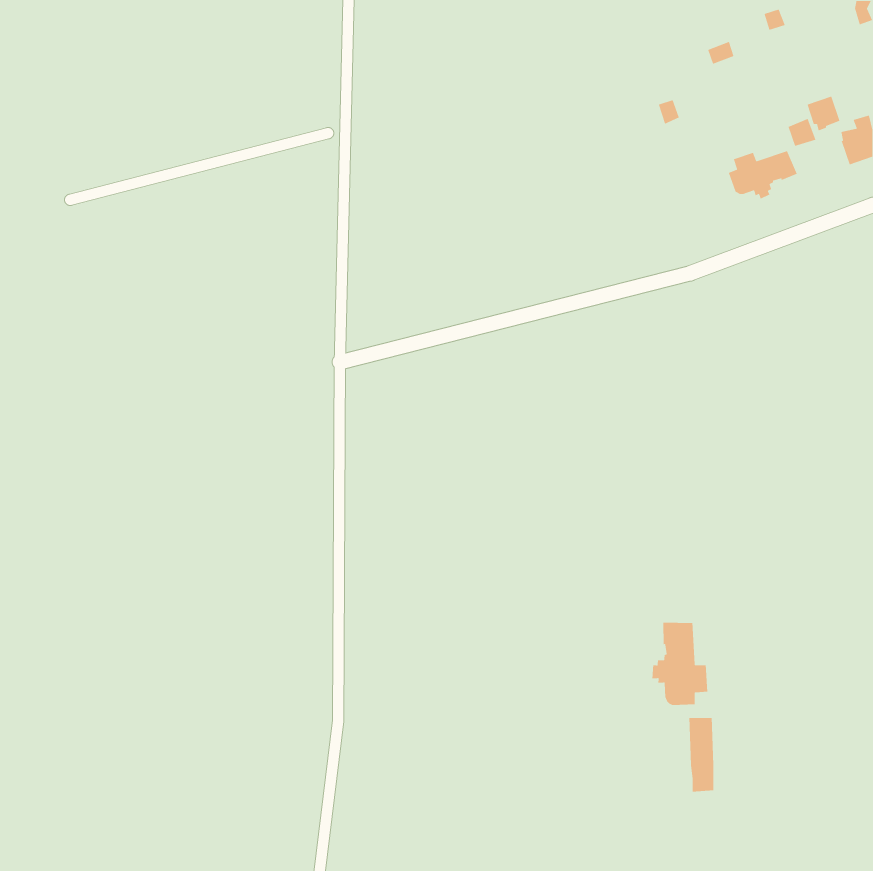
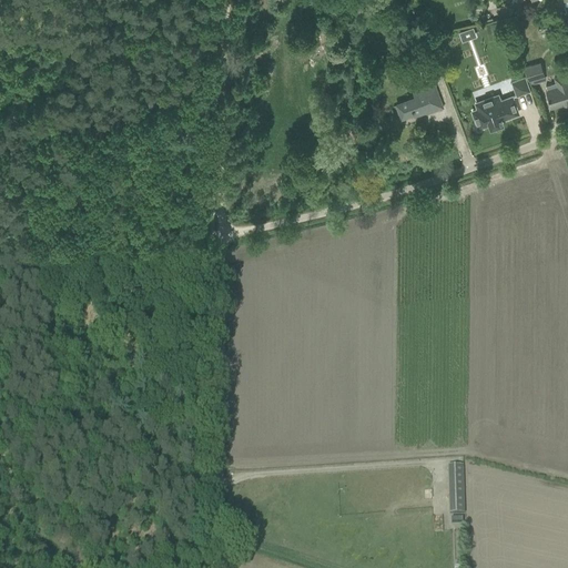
building: none -> [397,85,442,119]
building: [651,622,708,706] -> none

